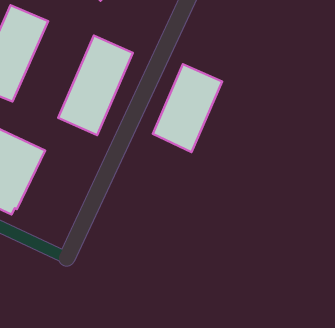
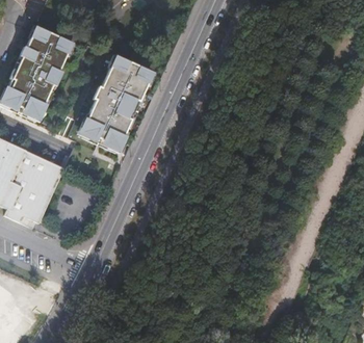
building: [153,64,222,152] -> none

